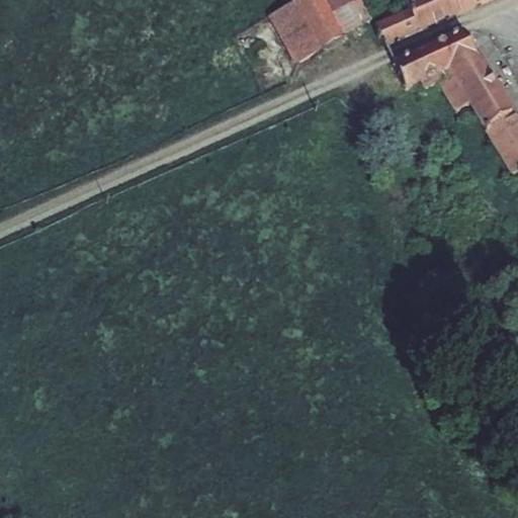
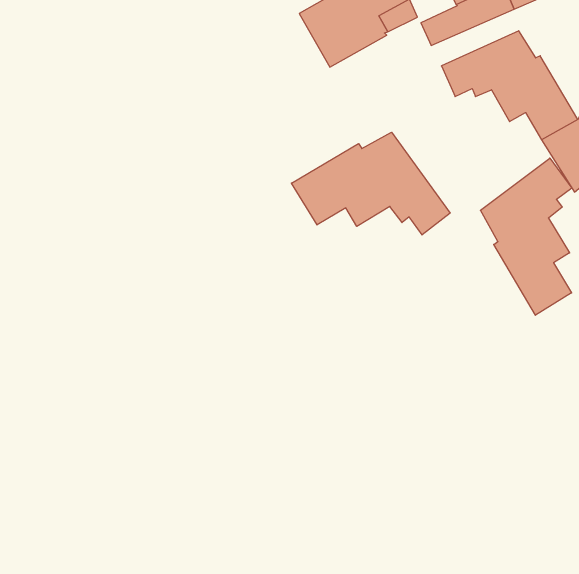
building: none -> [291,132,450,235]
building: none -> [480,158,572,315]

